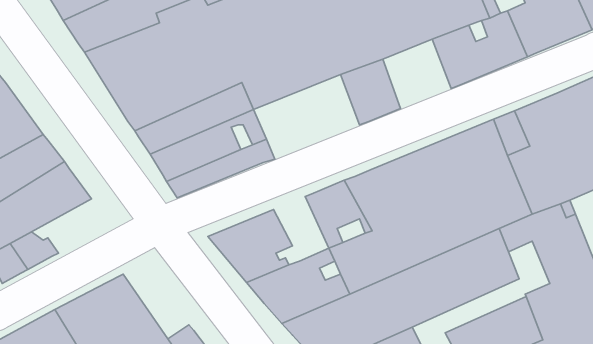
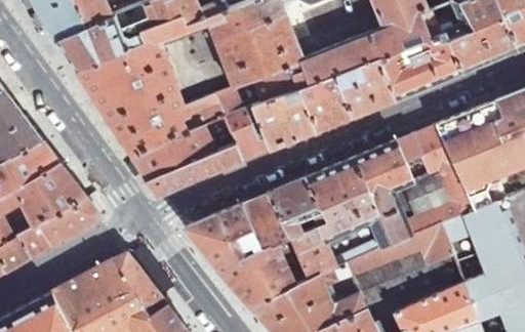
building: none -> [337,56,397,117]
building: none -> [225,87,317,161]
building: none -> [242,194,290,250]
building: none -> [31,196,100,243]
building: none -> [111,252,168,318]

